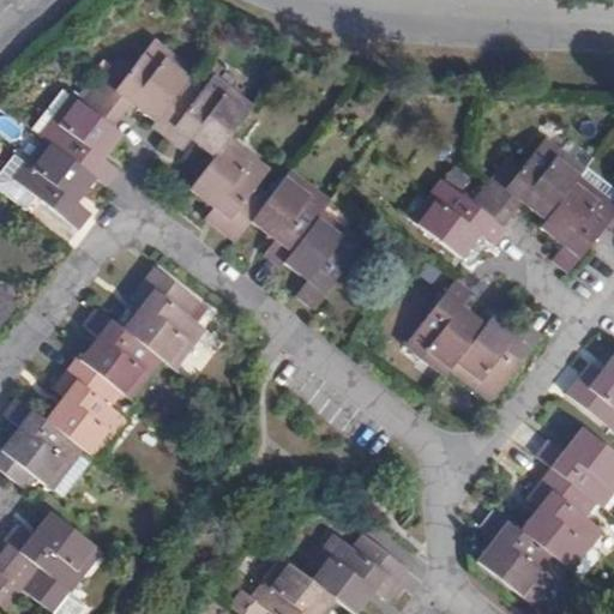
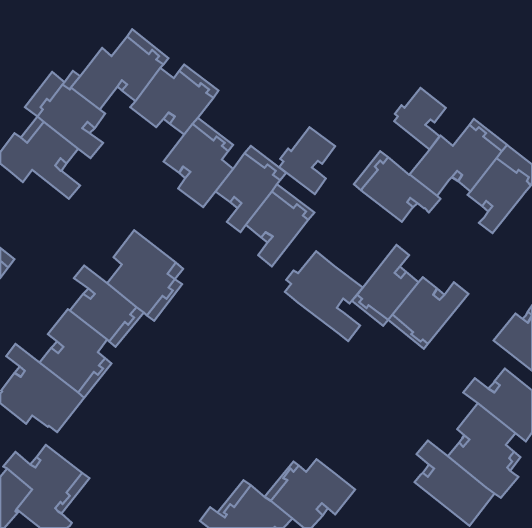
building: none -> [394,88,446,149]
building: none -> [279,127,335,194]
building: none -> [285,251,363,341]

